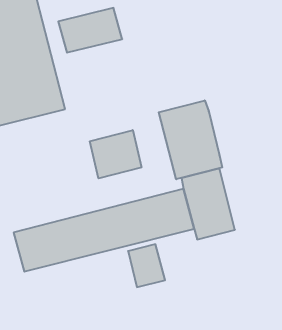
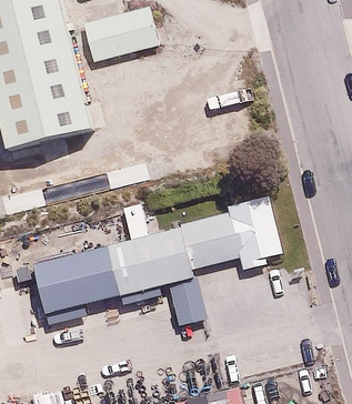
building: [159,100,222,179] -> none
building: [90,130,141,178] -> none

